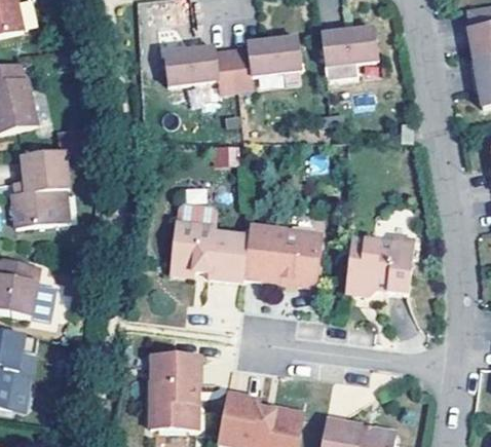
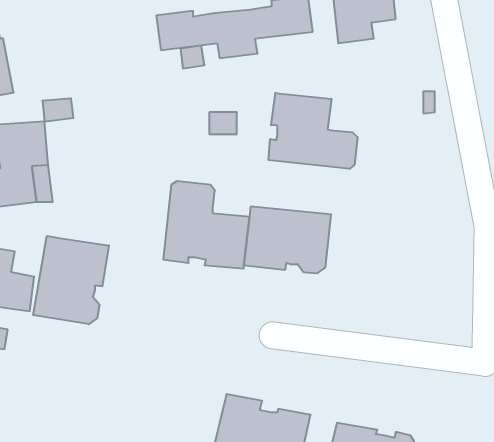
building: none -> [269,93,358,169]
building: [344,237,413,295] -> none
building: none -> [33,236,109,324]
building: [150,356,200,429] -> none

